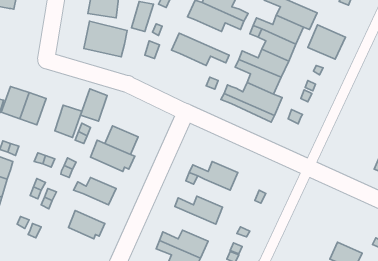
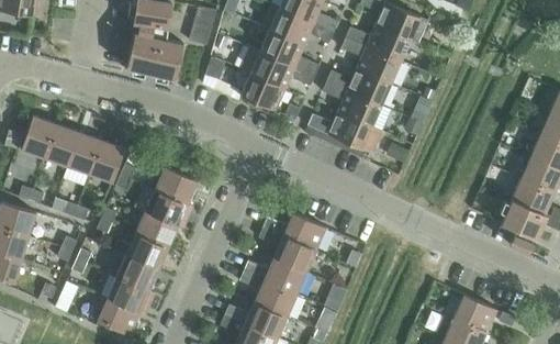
building: none -> [259,29,318,75]
building: [308,25,345,59] -> none
building: none -> [240,73,284,110]
building: [81,89,107,121] -> [66,131,100,173]
building: none -> [135,211,177,247]
building: none -> [272,235,315,271]
building: none -> [115,254,158,290]
building: none -> [238,270,296,315]
building: none -> [453,295,496,331]
building: none -> [97,298,139,335]

